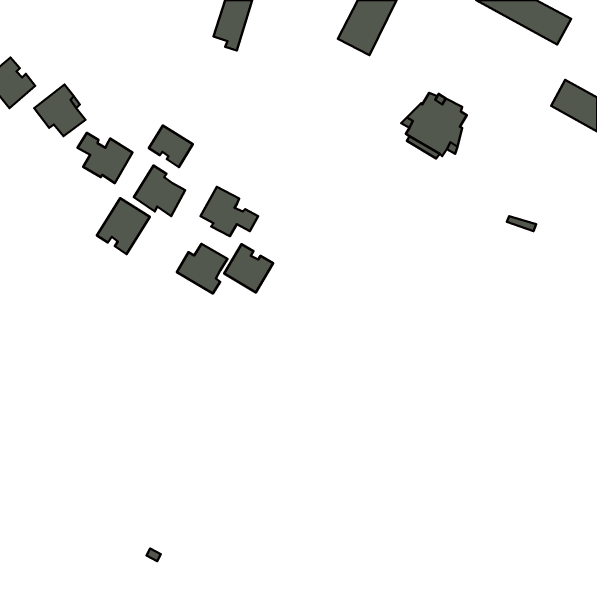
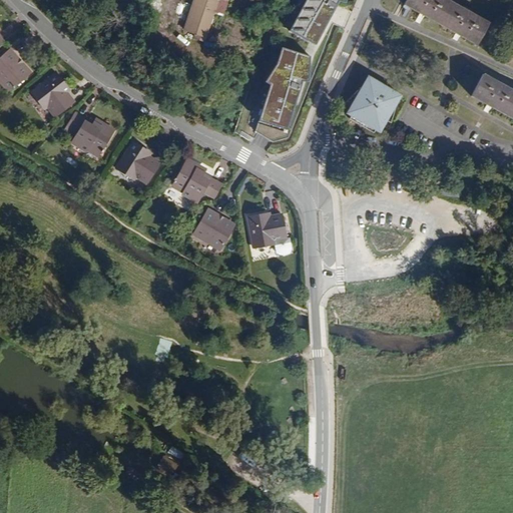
building: none -> [256,50,314,147]
building: [149,125,193,167] -> none
building: [97,198,150,254] -> none
building: [177,244,228,293] -> none
building: none -> [246,213,291,254]

